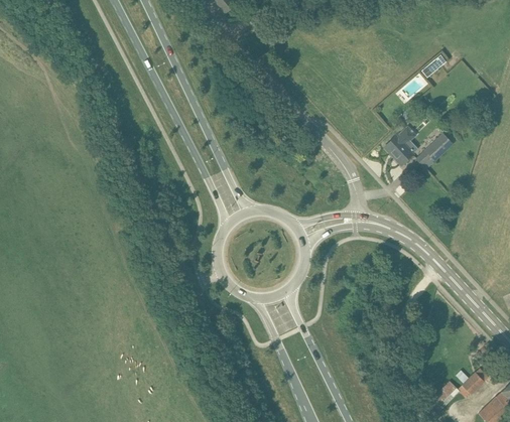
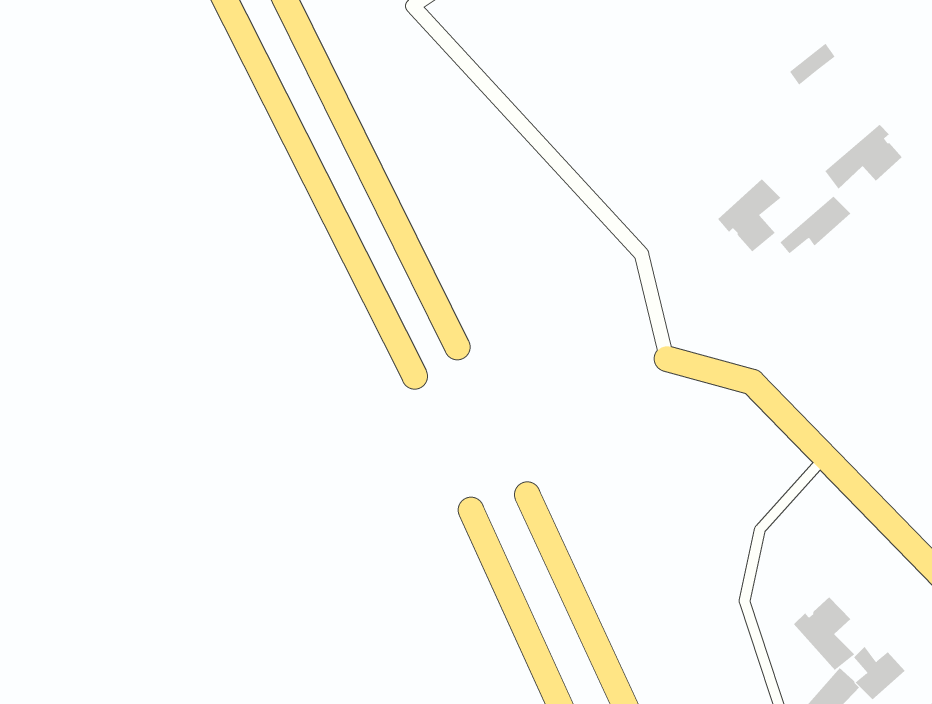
building: none -> [825,124,903,189]
building: none -> [793,597,855,671]

